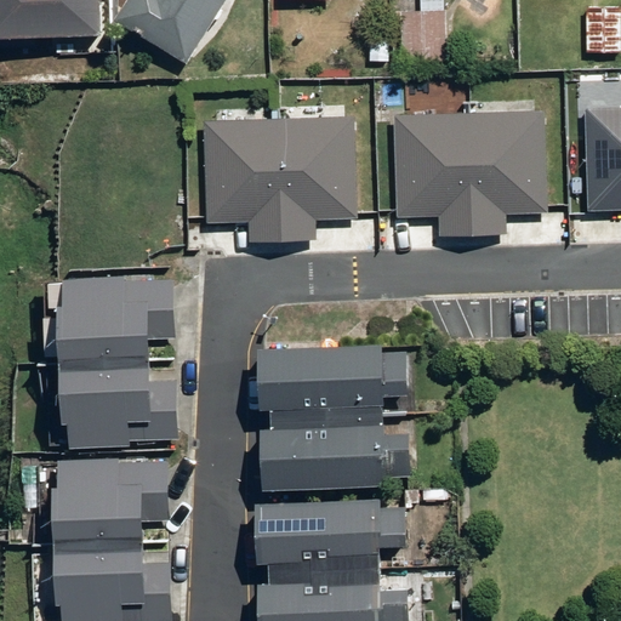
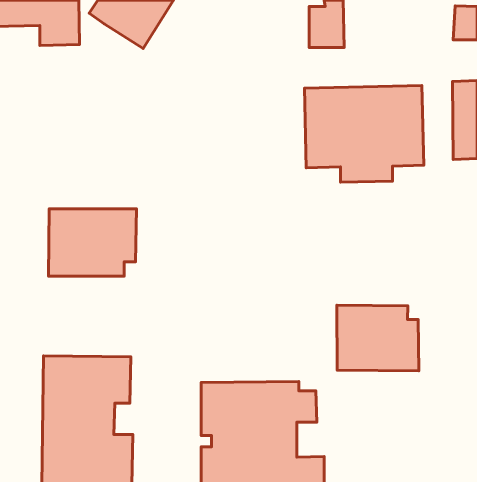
building: [200,116,351,240] -> none
building: [261,342,412,483] -> none
building: [62,357,177,446] -> none
building: none -> [337,305,419,371]

